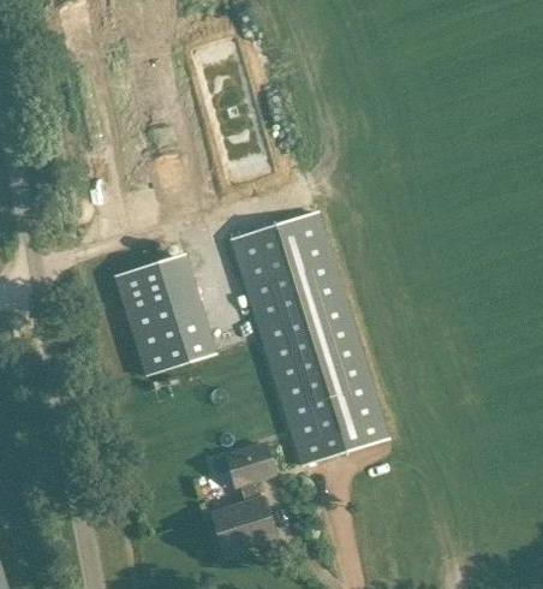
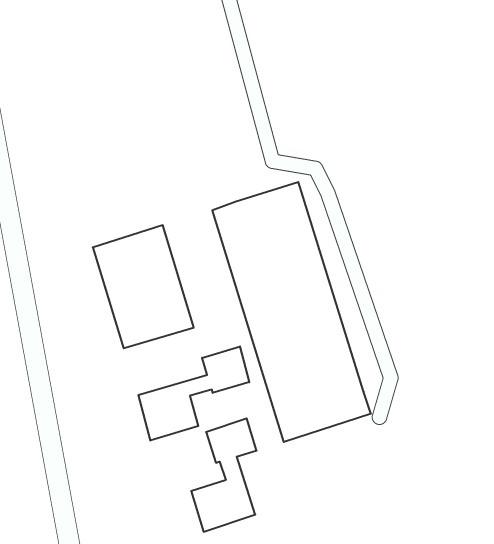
building: none -> [138,346,249,441]

